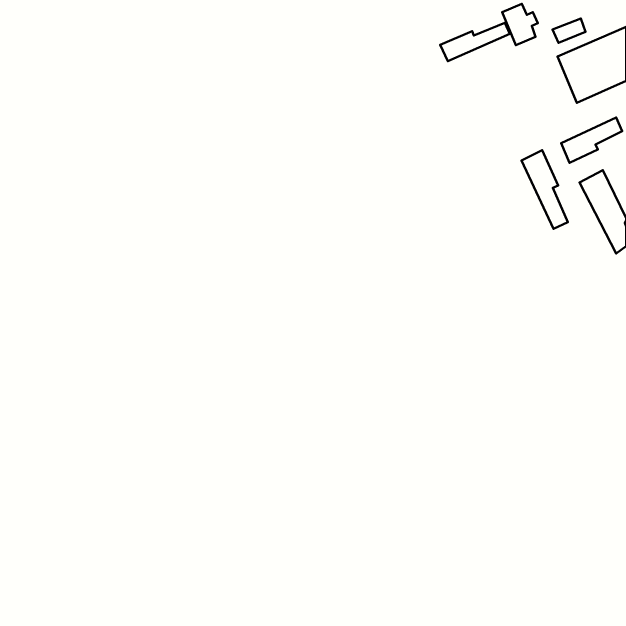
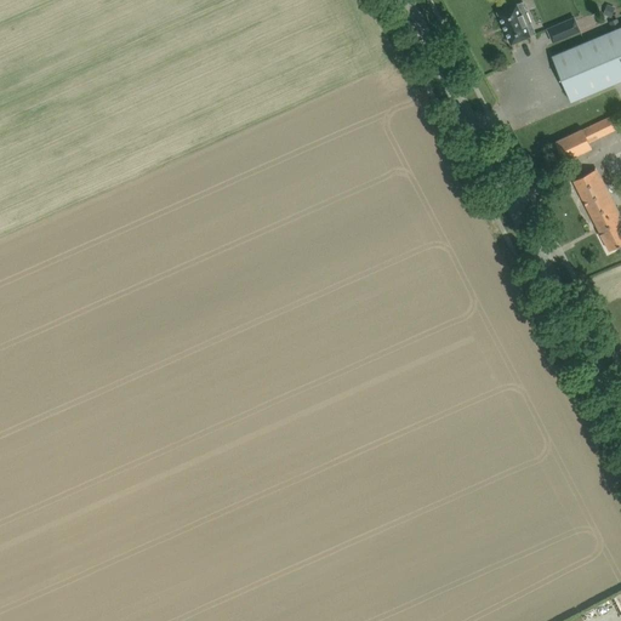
building: [440,23,510,61] -> none
building: [521,150,568,229] -> none

